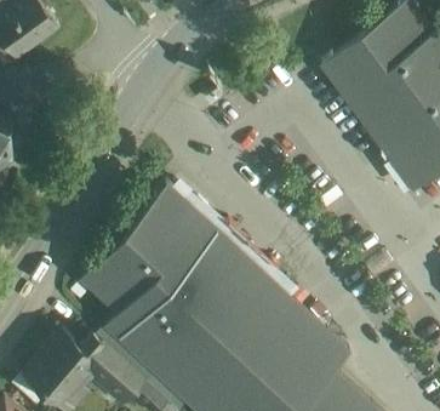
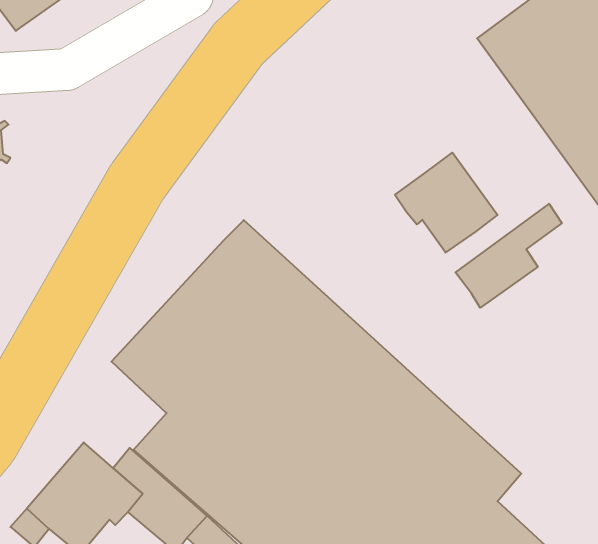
building: none -> [395,153,498,253]
building: none -> [455,204,562,308]

